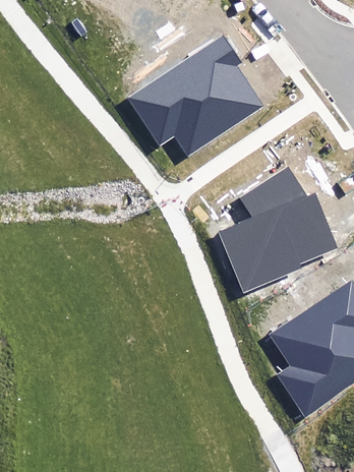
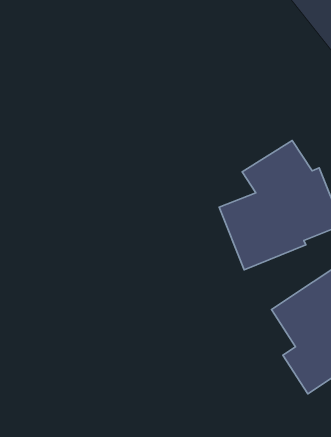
building: [130,37,262,155] -> none

